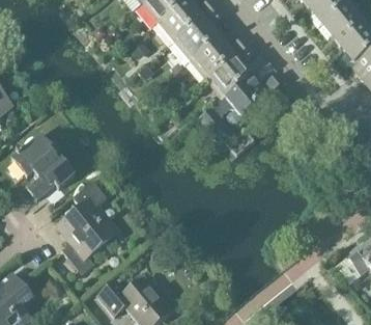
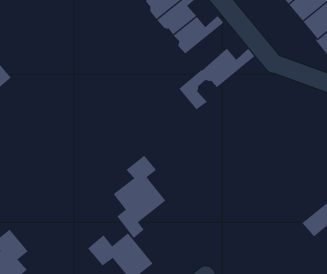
building: [206,44,256,97] -> none
building: [10,135,75,199] -> none
building: [58,181,117,274] -> [113,155,166,239]

